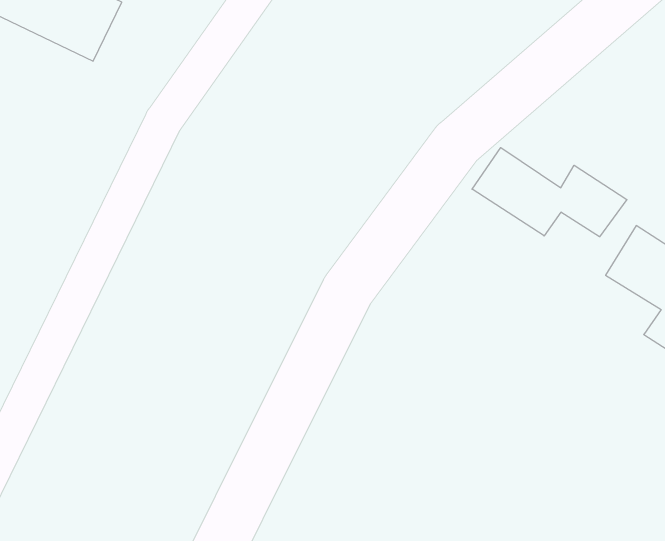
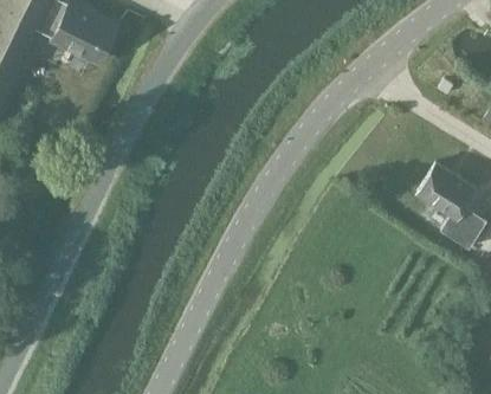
building: [472,148,627,237] -> none

